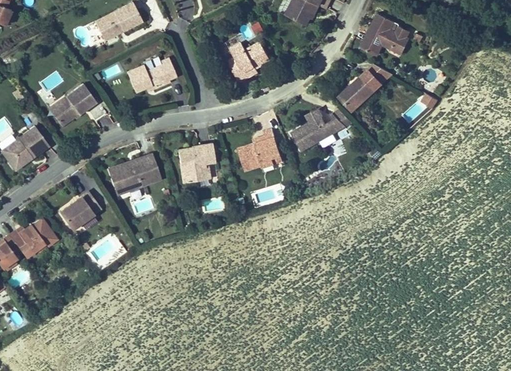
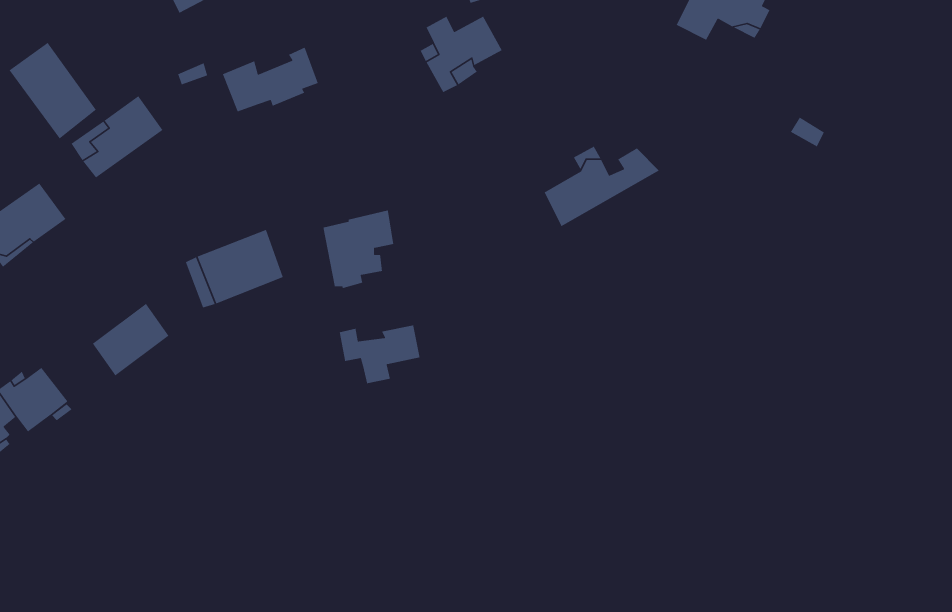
building: none -> [9,42,97,140]
building: [339,72,378,111] -> none
building: [239,130,281,170] -> none
building: none -> [339,324,420,384]

